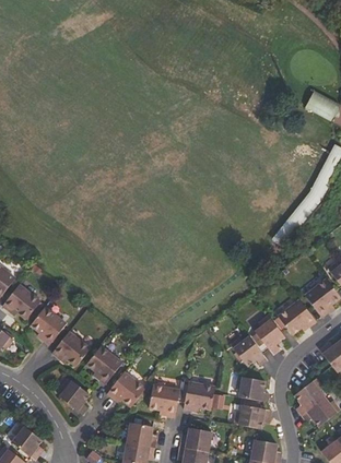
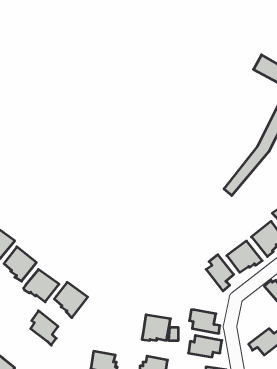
building: [230,335,267,367] -> none
building: [106,370,145,406] -> none
building: [293,377,324,414] -> none
building: [148,383,179,416] -> none

